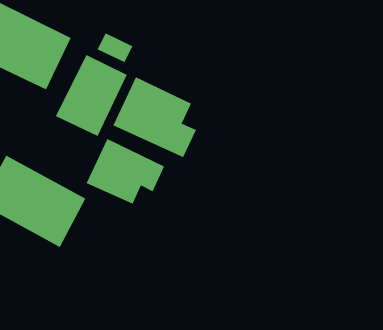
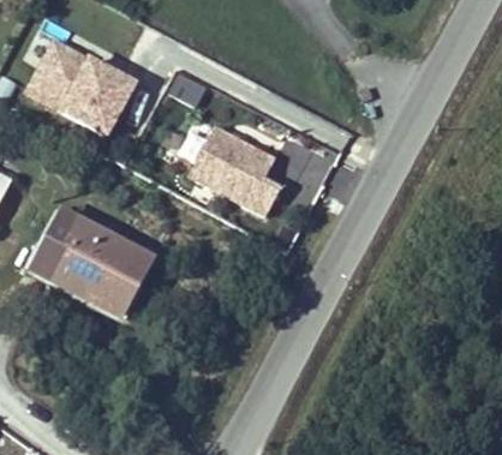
building: [55,54,128,137] -> none
building: [86,138,165,205] -> none

